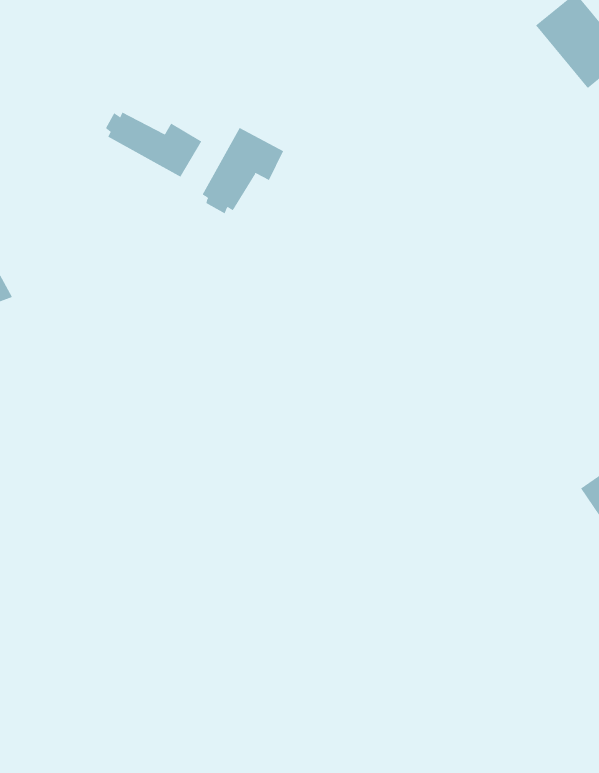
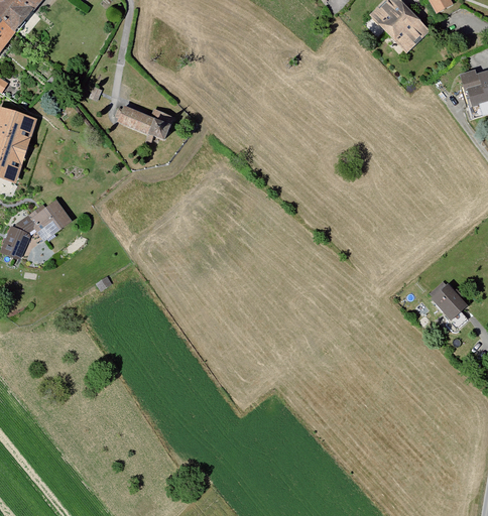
building: [202,127,284,214] -> none

